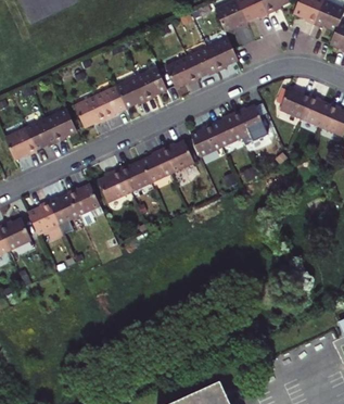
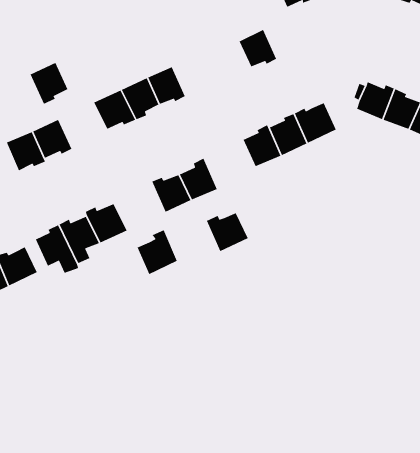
building: [208,37,240,71] -> none
building: [167,56,200,88] -> none
building: [137,65,168,100] -> none
building: [48,108,78,141] -> [30,62,68,105]
building: [162,141,195,173] -> [206,212,249,252]
building: [99,166,131,202] -> [136,229,178,275]

